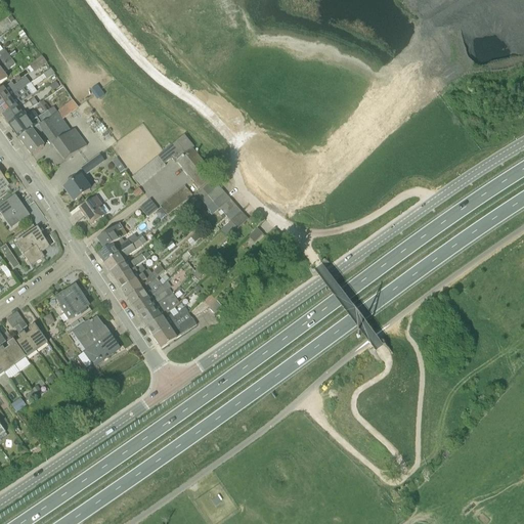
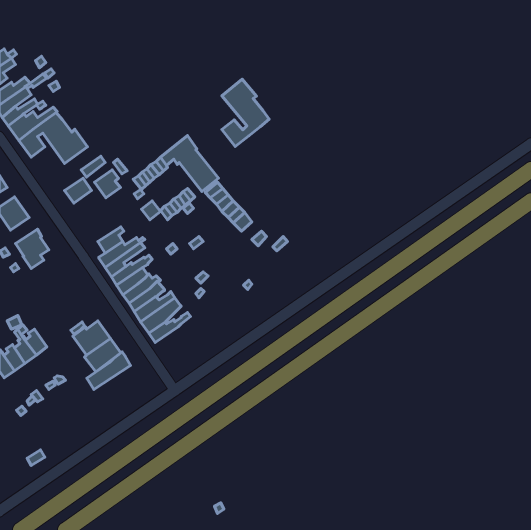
building: none -> [222,79,269,146]
building: [79,196,104,224] -> [94,170,121,198]
building: [55,283,88,316] -> none
building: [152,311,195,348] -> [87,352,130,389]

